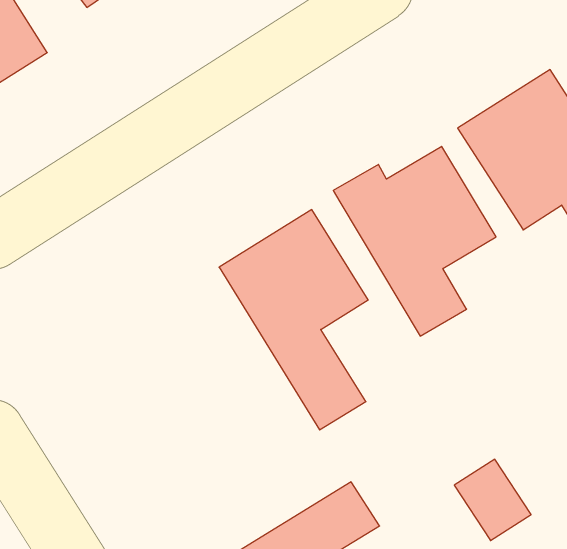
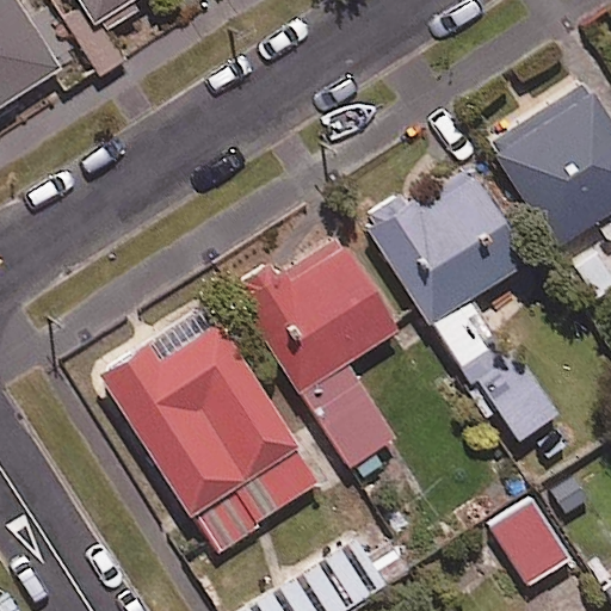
building: none -> [92,321,322,555]
building: none -> [452,339,562,442]

